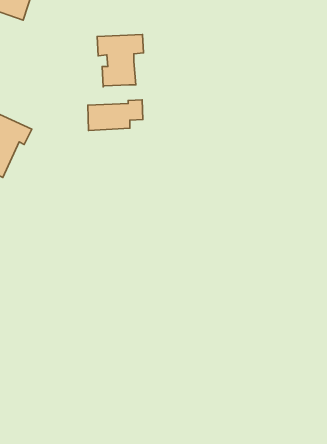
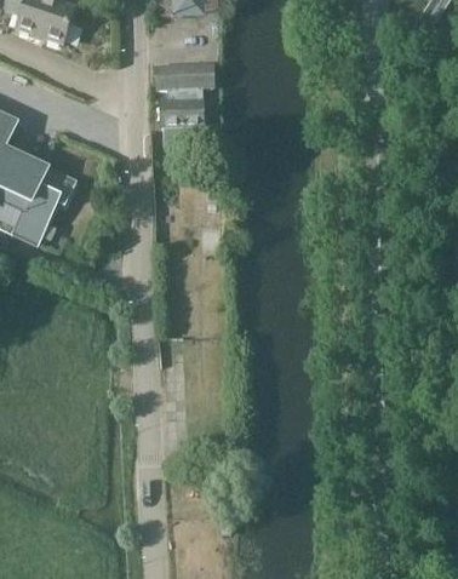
building: [88,100,143,130] -> none

